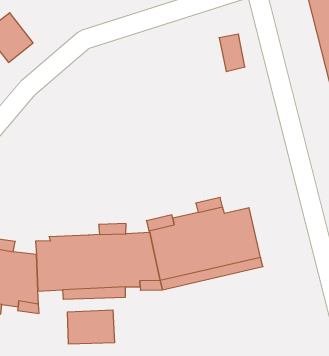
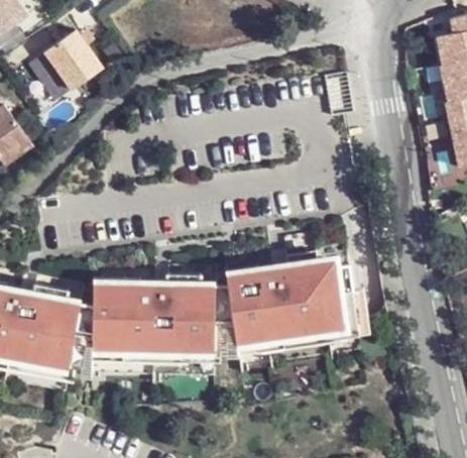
building: [68,310,114,344] -> none

